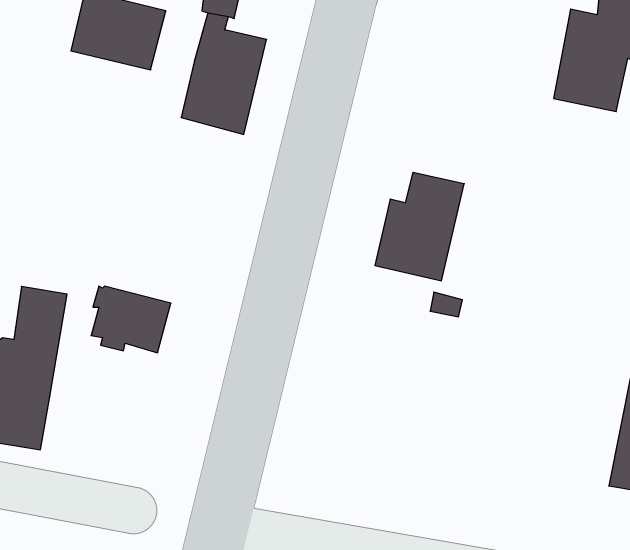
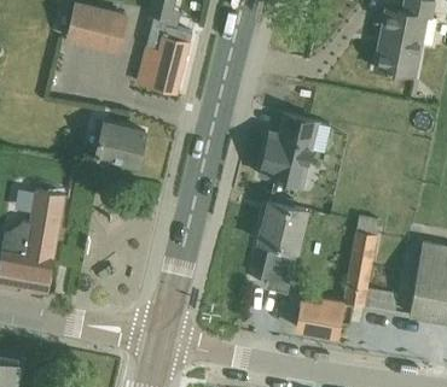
building: [91,286,171,353] -> [93,123,144,165]
building: none -> [256,205,302,294]
building: none -> [296,218,397,336]

